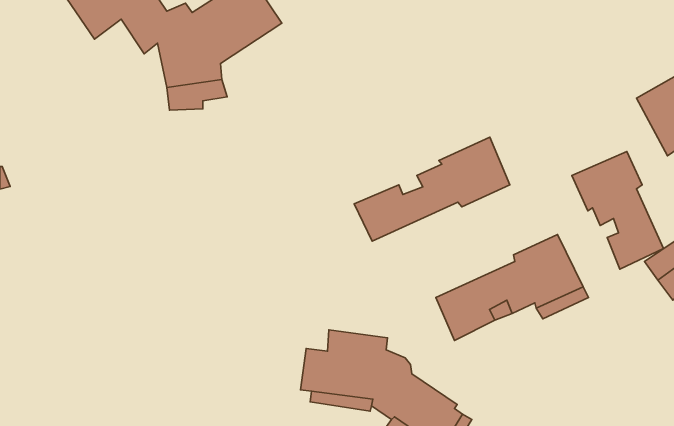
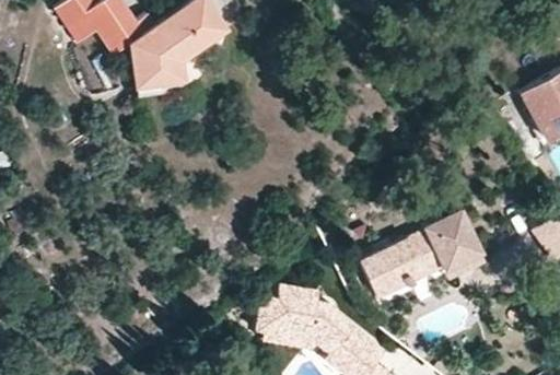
building: [354,137,510,241] -> none
building: [572,152,664,269] -> none

